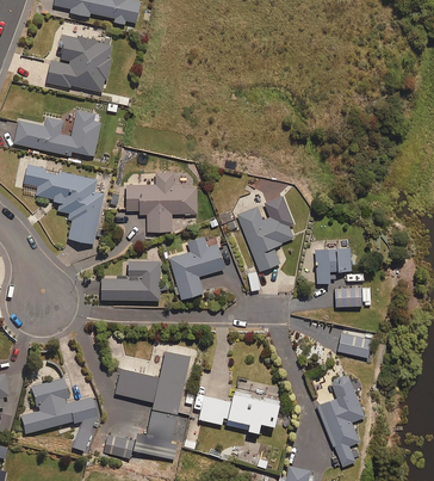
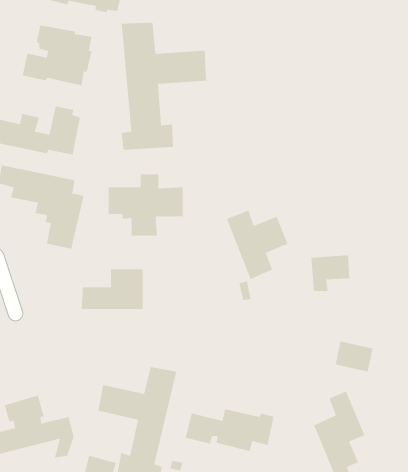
building: none -> [121,22,207,150]
building: [169,238,225,300] -> none
building: [336,288,371,307] -> none

